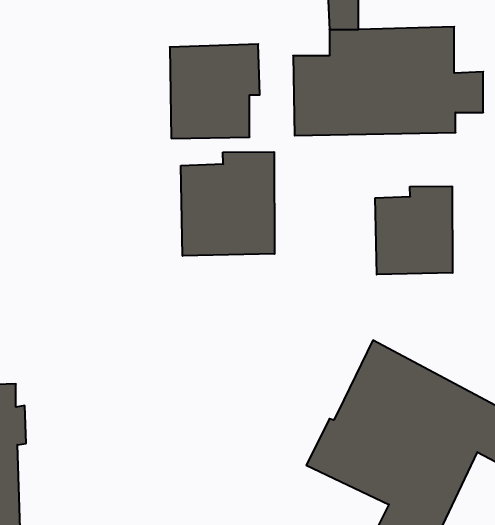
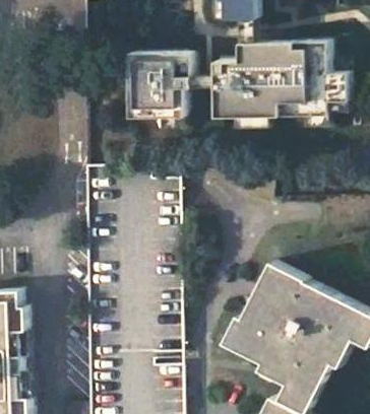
building: [181,152,275,256] -> none
building: [375,186,453,275] -> none

